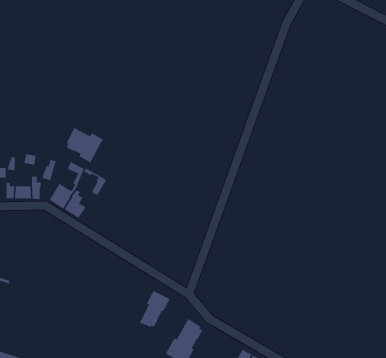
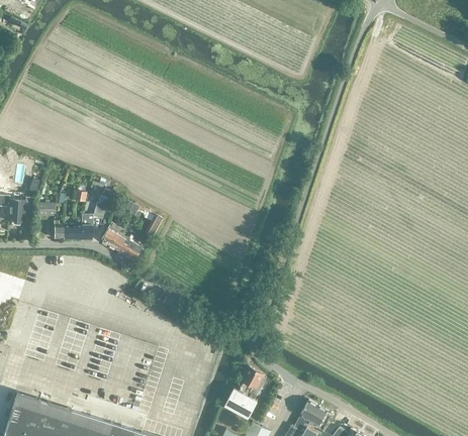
building: [66,127,104,163] -> none
building: [139,290,170,328] -> none

